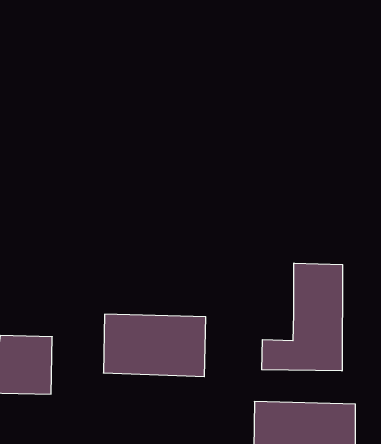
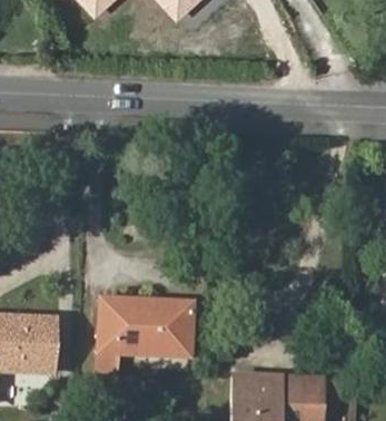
building: [262,263,343,371] -> none

